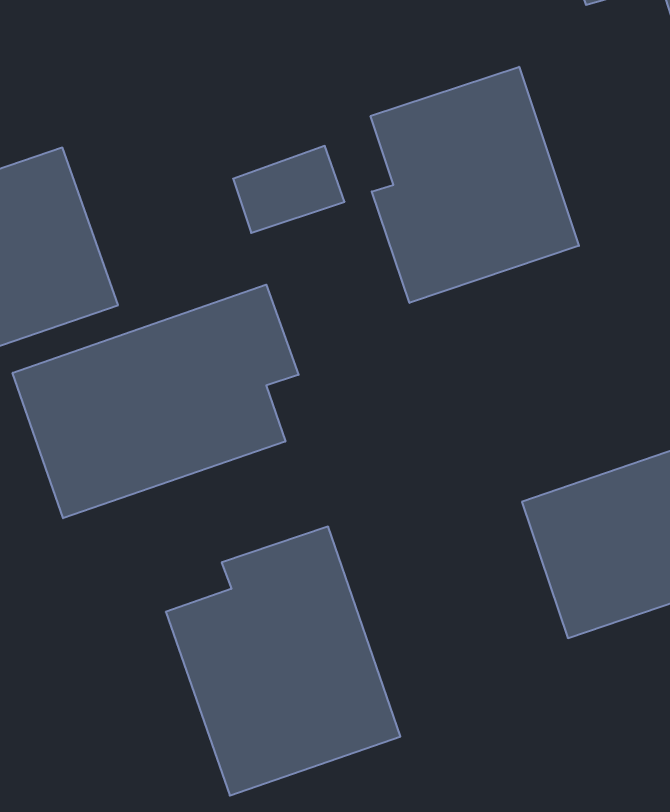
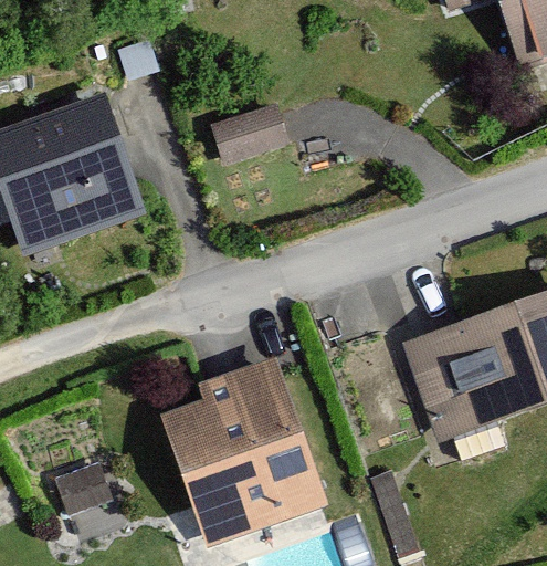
building: [371,67,579,303] -> none
building: [13,285,299,518] -> none

